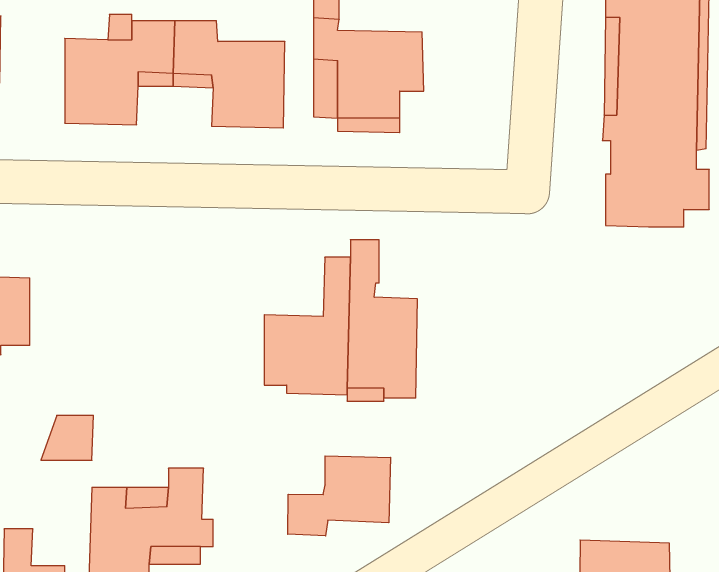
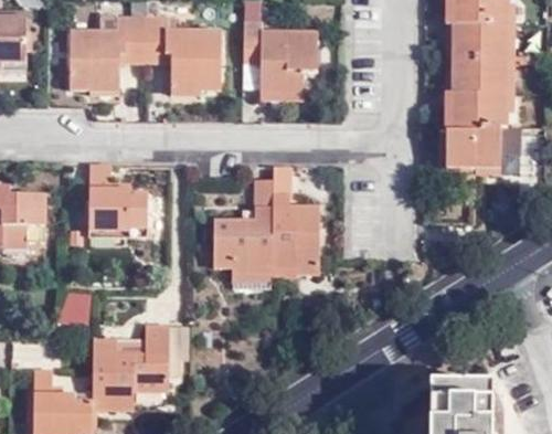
building: none -> [88,163,147,232]
building: [288,456,391,536] -> none

